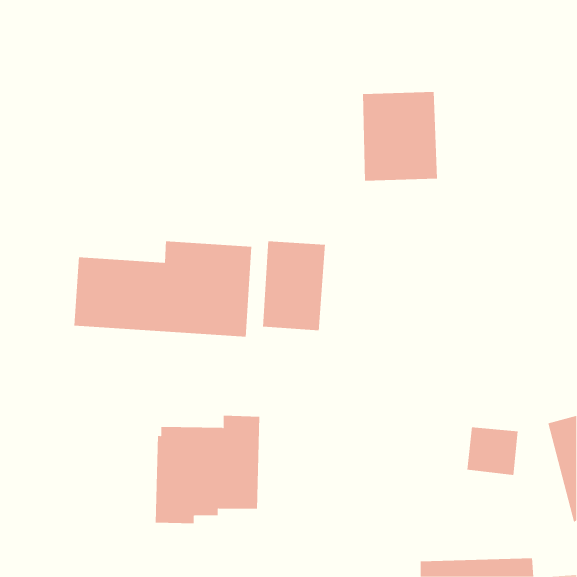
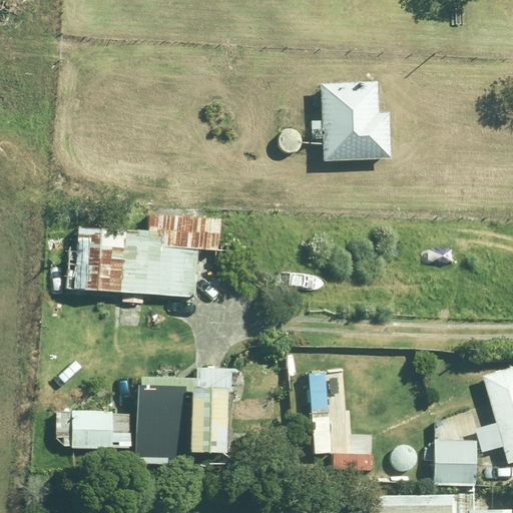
building: [263,240,326,331] -> none
building: [467,427,519,475] -> [432,439,478,482]
building: none -> [57,410,129,449]

